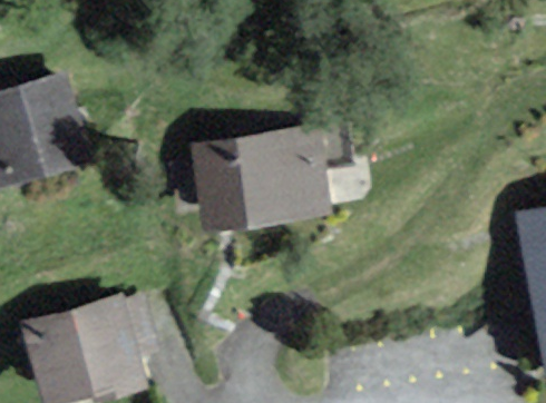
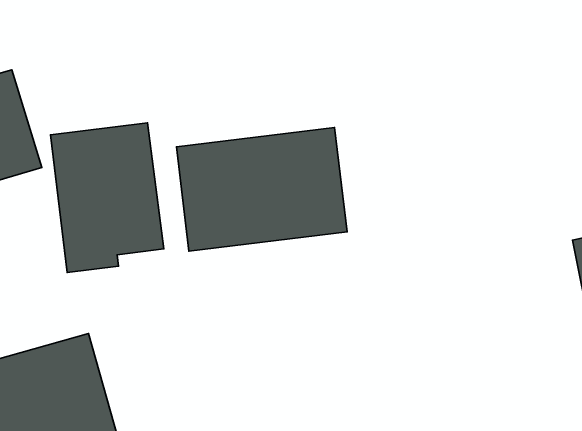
building: none -> [51,123,164,273]

